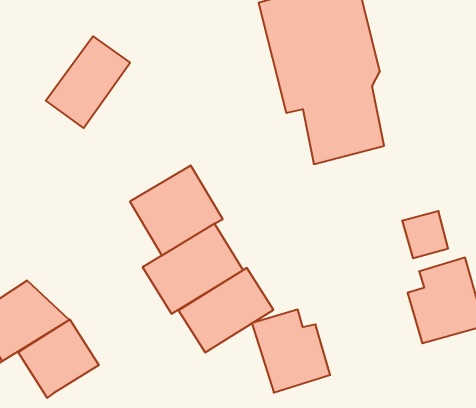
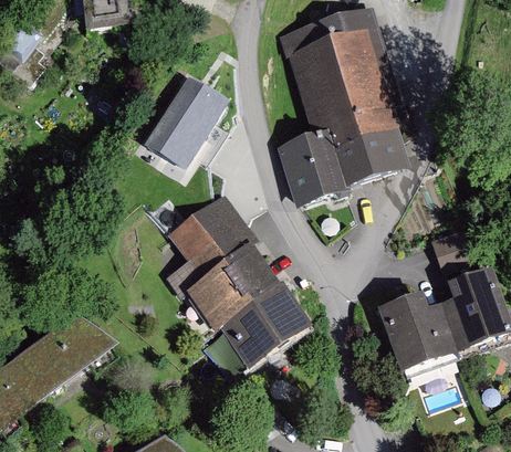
building: [46,36,130,128] -> [144,76,222,165]
building: none -> [281,135,343,207]
building: [252,310,330,393] -> [377,292,455,372]
building: [18,319,99,398] -> none

